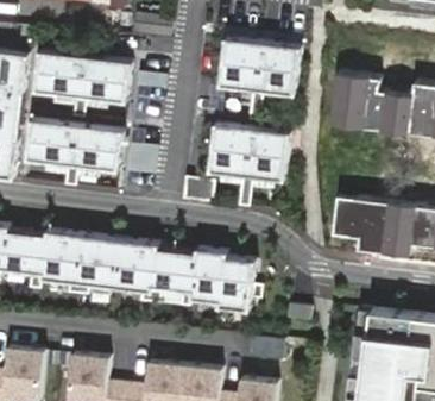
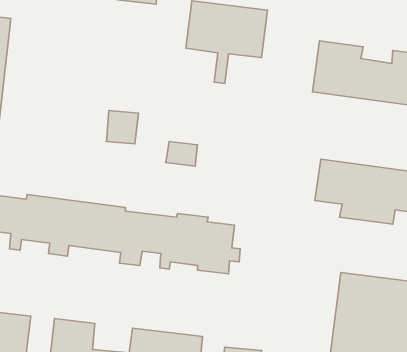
building: [38,49,137,118] -> none
building: [30,117,128,186] -> none
building: [196,119,278,203] -> none

